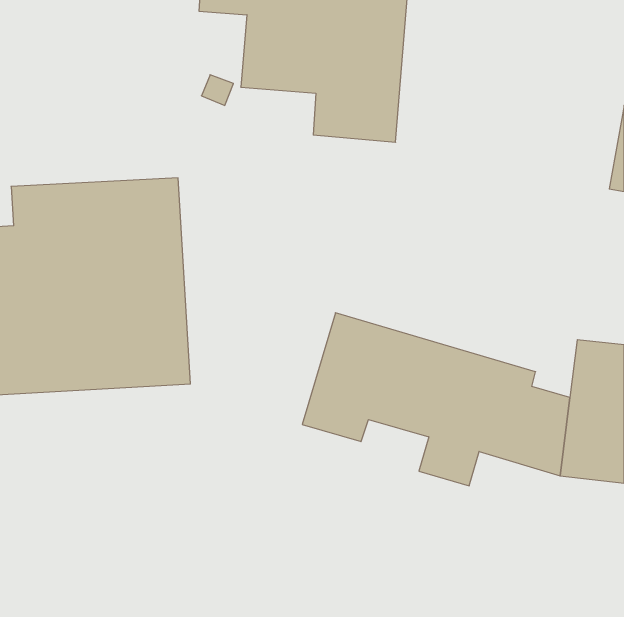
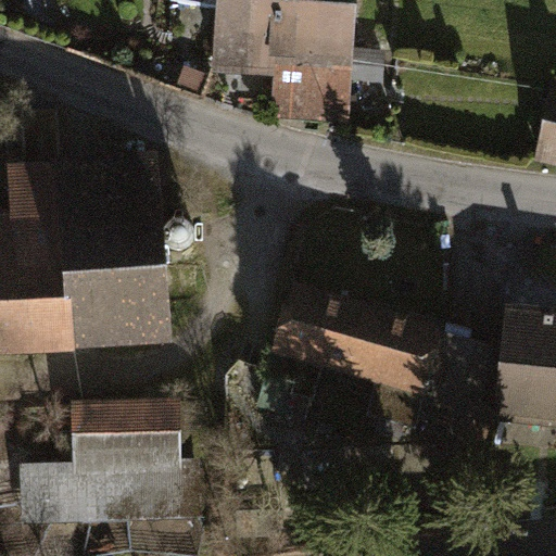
building: none -> [18,396,195,541]

